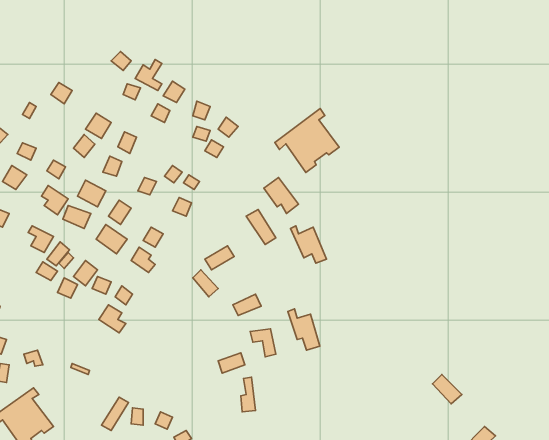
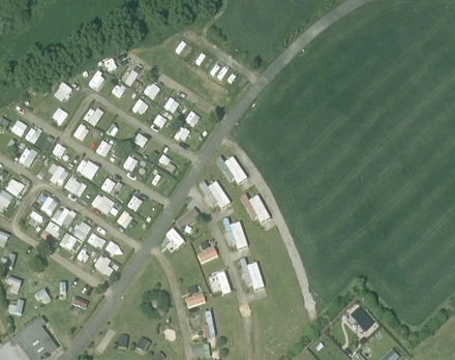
building: [275,108,339,173] -> none
building: none -> [222,218,247,249]

